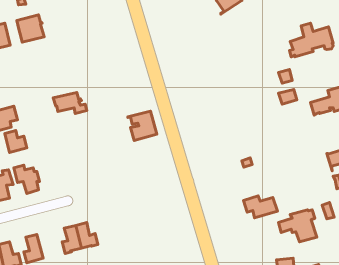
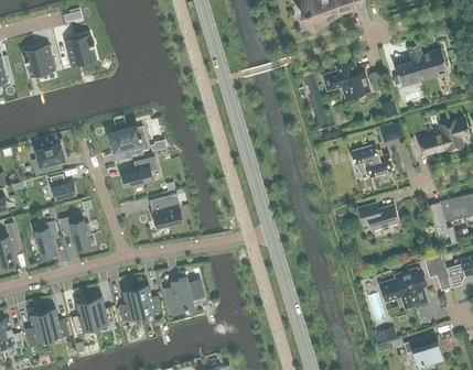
building: none -> [322,63,368,98]
building: none -> [350,145,393,178]
building: [128,111,157,140] -> [148,194,183,229]
building: none -> [119,156,157,188]
building: [244,196,277,218] -> [357,204,398,230]
building: none -> [163,279,203,314]
building: none -> [87,297,115,328]

